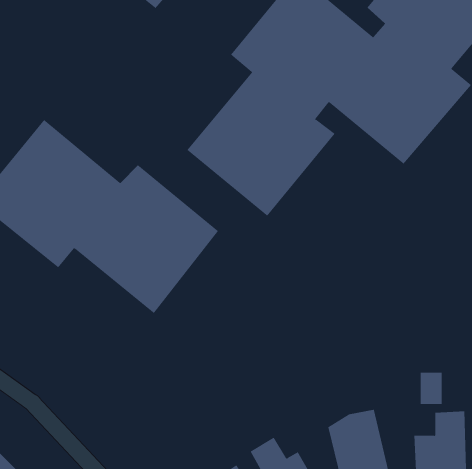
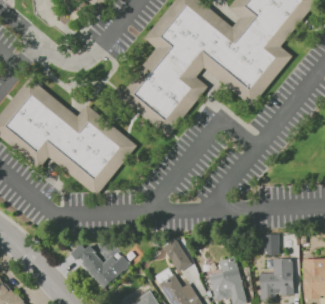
building: none -> [162,238,189,270]
building: none -> [70,243,132,288]

